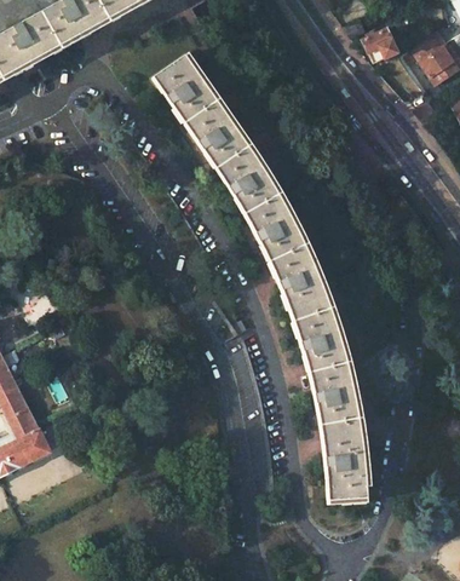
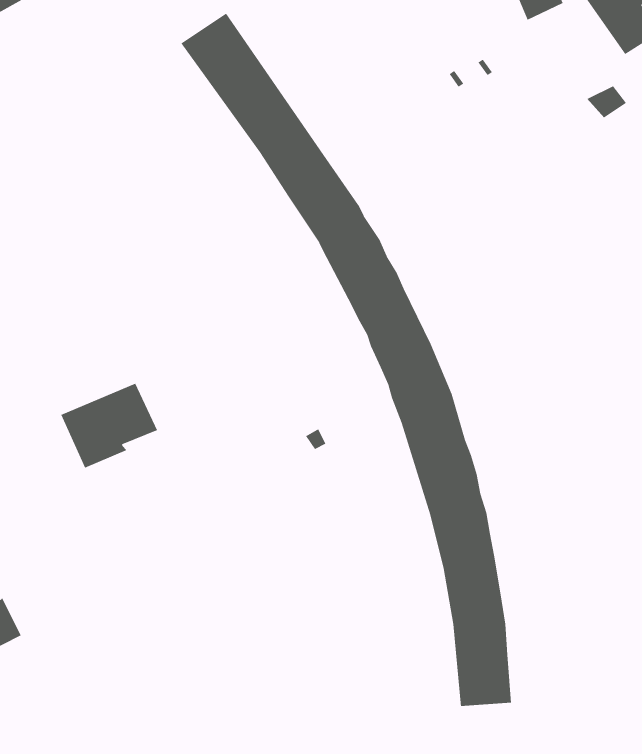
building: none -> [61,383,158,468]

